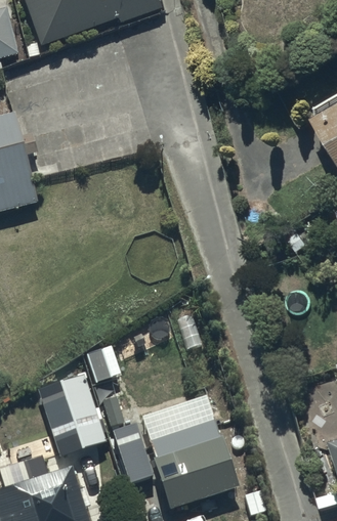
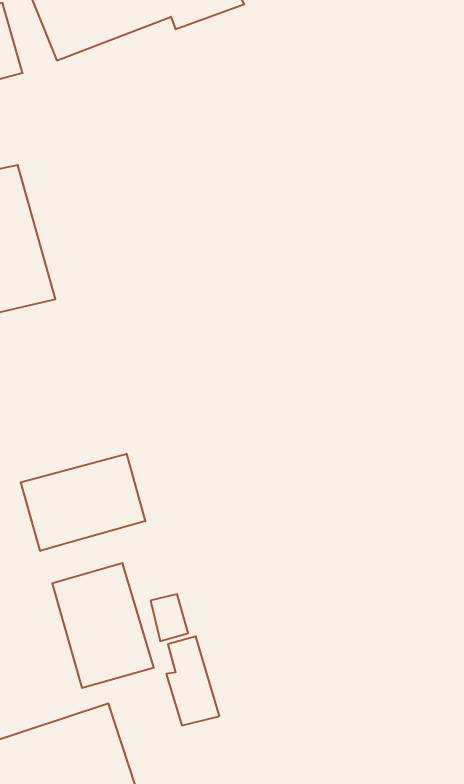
building: none -> [21,454,145,551]
building: [150,419,236,510] -> none

